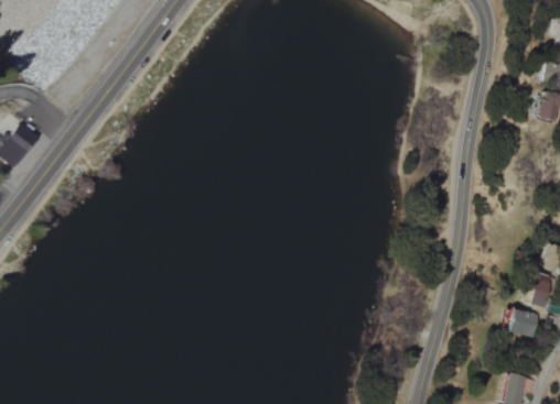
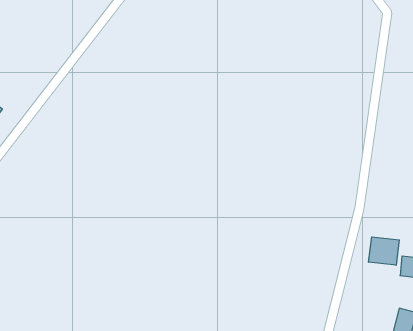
building: none -> [369,237,399,265]

